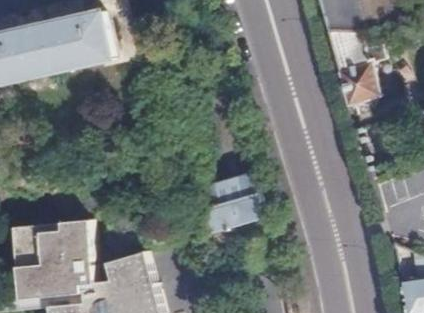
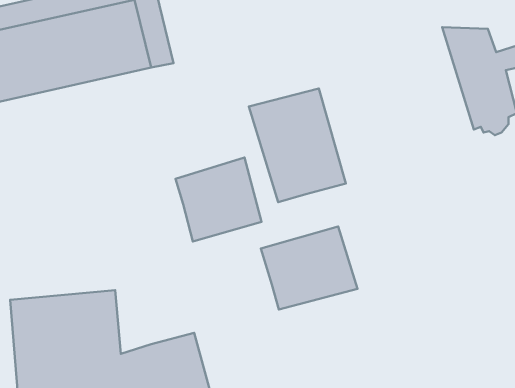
building: none -> [249,88,346,202]
building: none -> [176,157,261,241]

